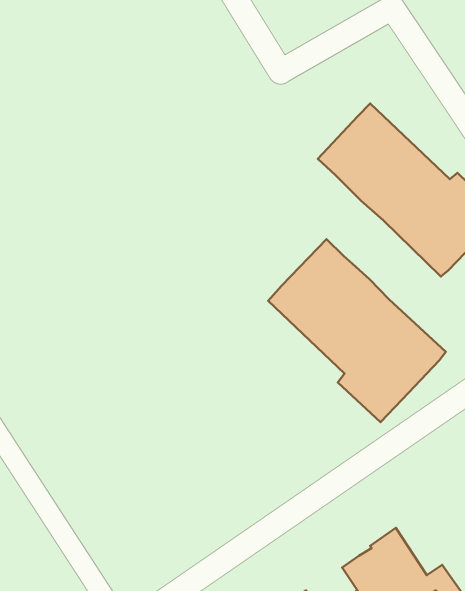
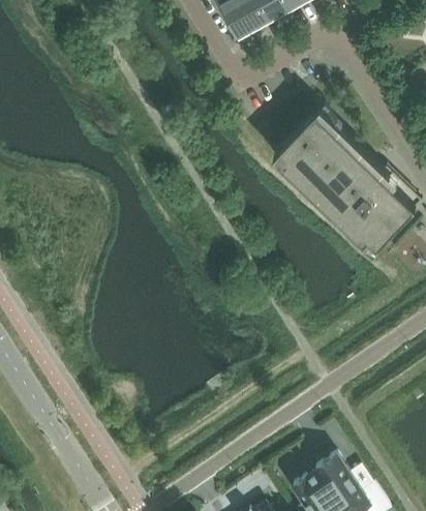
building: [268,239,446,422] -> none

